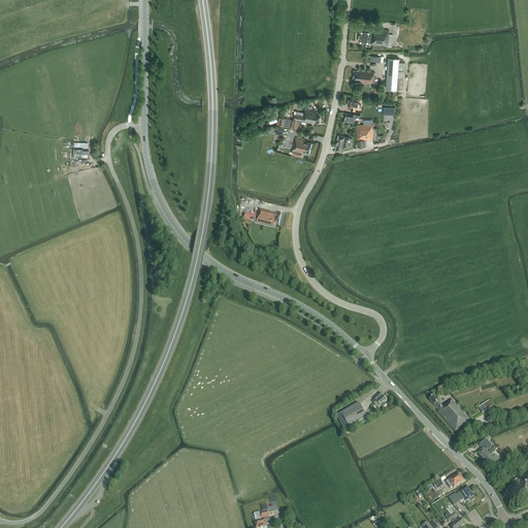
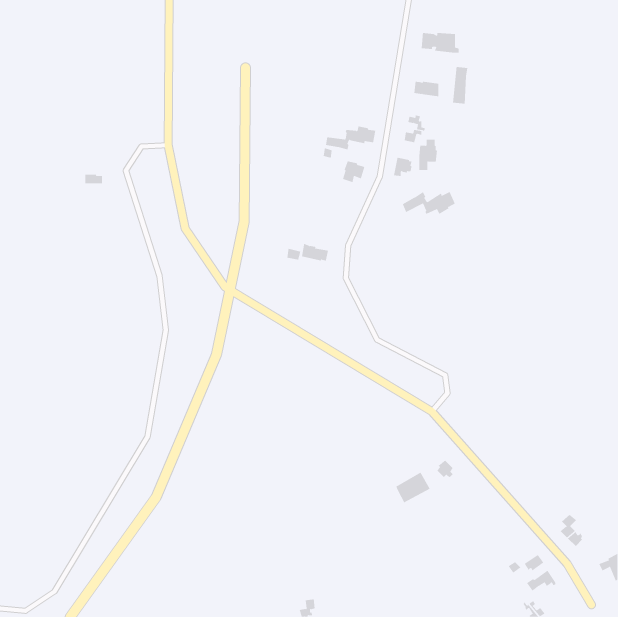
building: none -> [402,191,455,215]
building: [429,395,468,431] -> none

